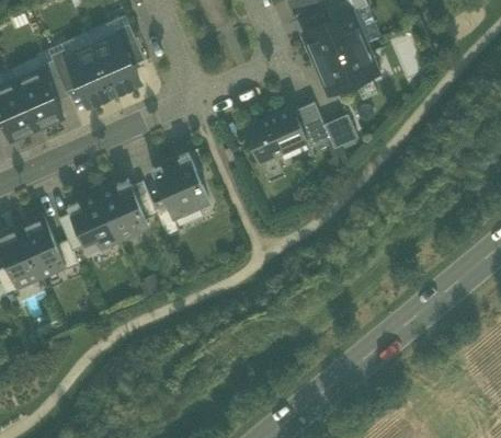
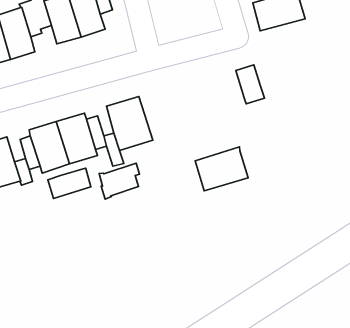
building: [315,44,377,94] -> none
building: [243,107,306,162] -> [195,147,248,191]
building: [322,114,357,149] -> none
building: none -> [99,163,140,199]
building: none -> [48,168,91,199]

